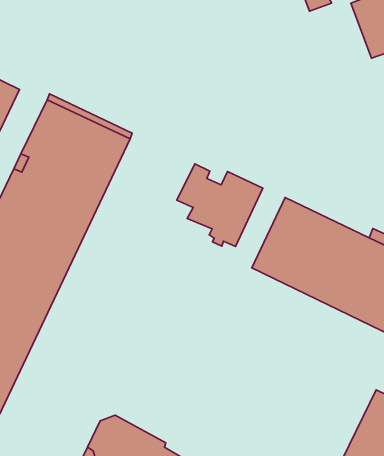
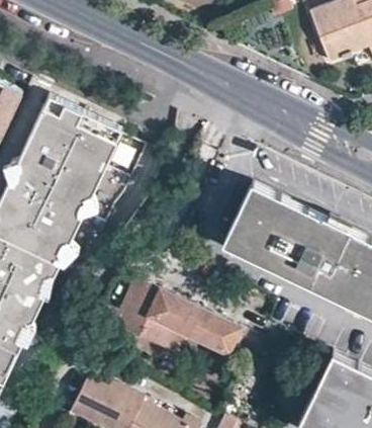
building: [177,164,263,246] -> none
building: none -> [98,280,241,358]

